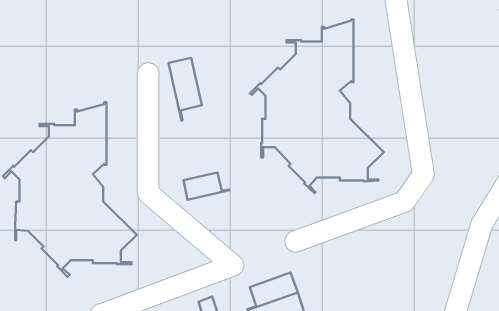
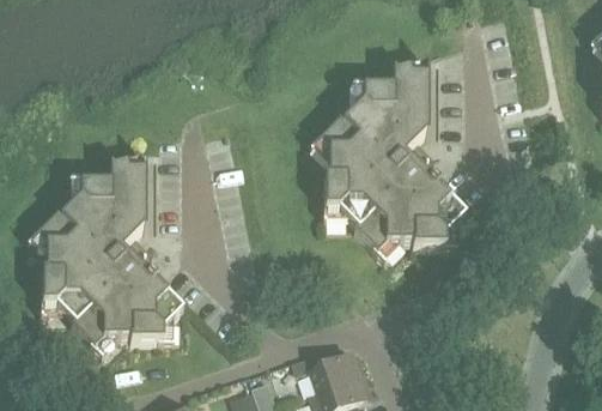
building: [168,58,202,121] -> none
building: [183,172,229,200] -> none

